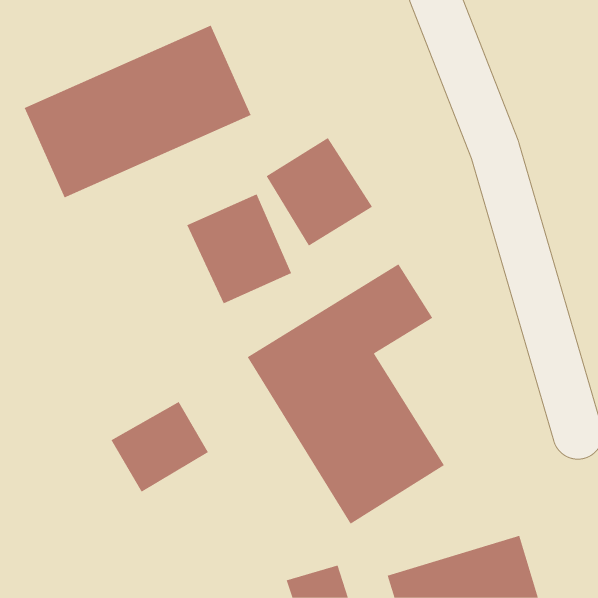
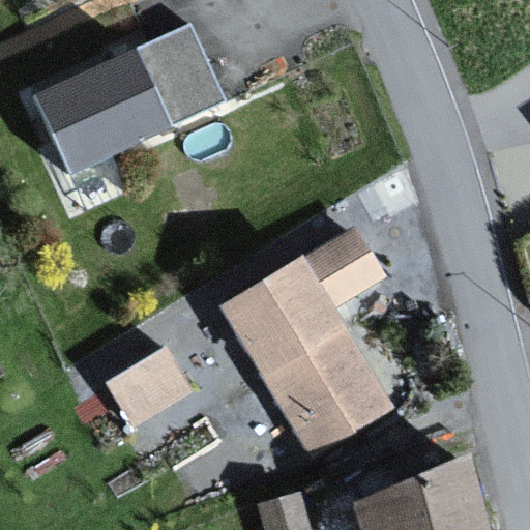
building: [266,137,373,247] -> none
building: [186,194,292,304] -> none

